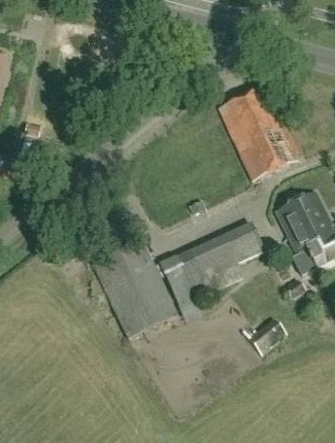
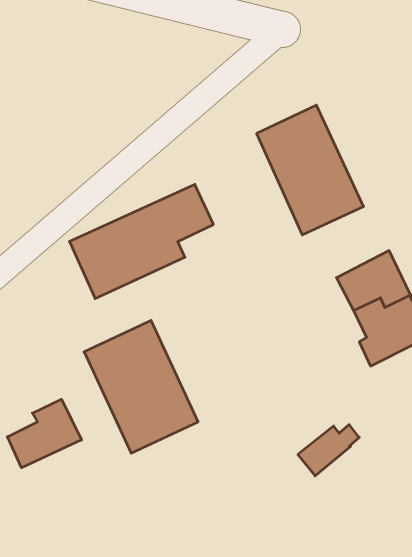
building: [160,223,264,305] -> [69,184,213,299]
building: none -> [7,399,82,468]

